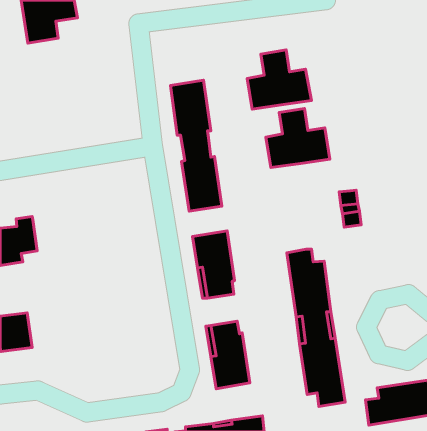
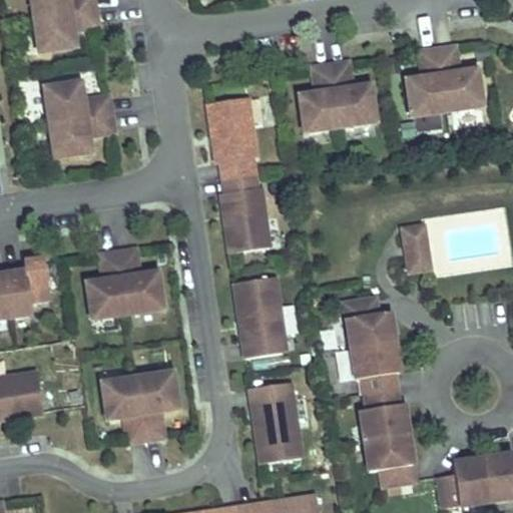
building: none -> [43,81,113,157]
building: [266,108,330,168] -> [405,44,481,114]
building: none -> [86,248,162,318]
building: none -> [102,372,178,441]

